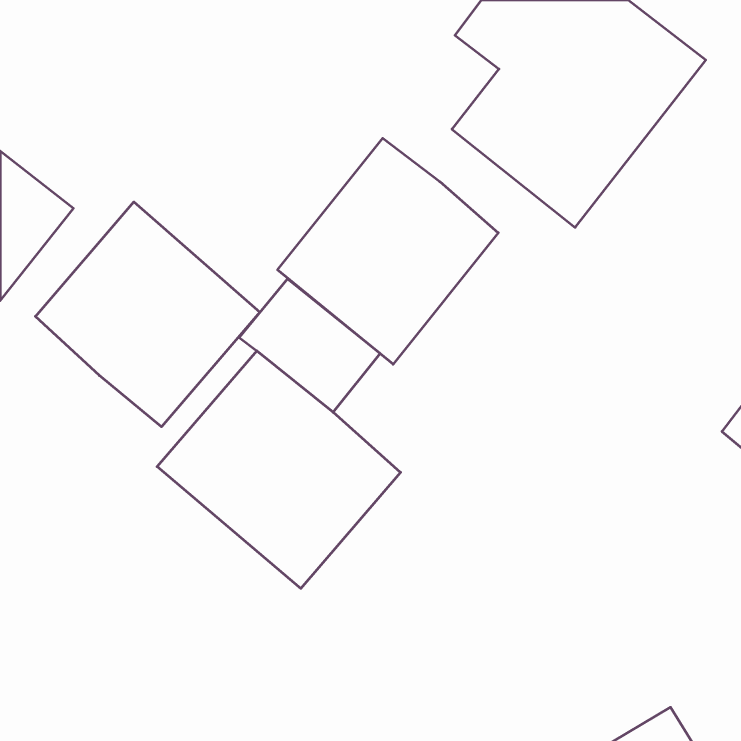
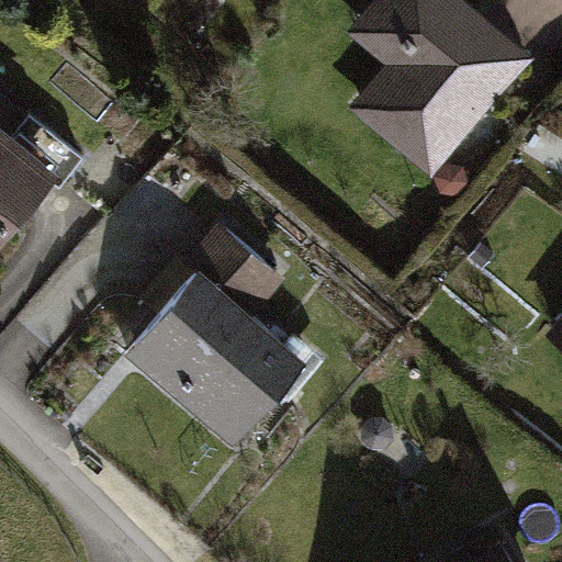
building: [278,138,498,364] -> none
building: [35,202,260,427] -> none

